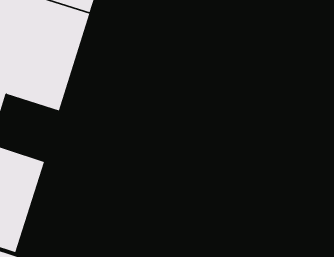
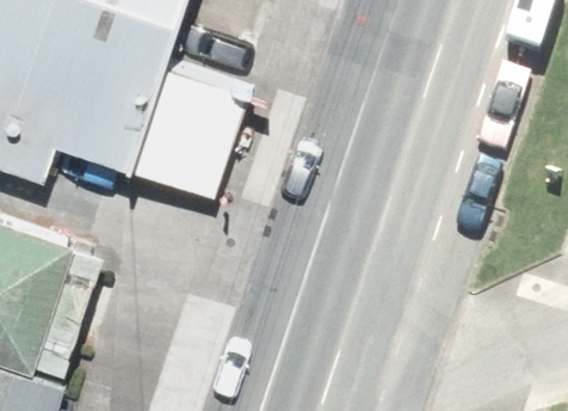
building: none -> [125,81,248,203]

